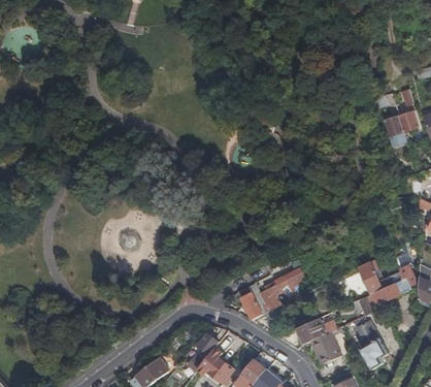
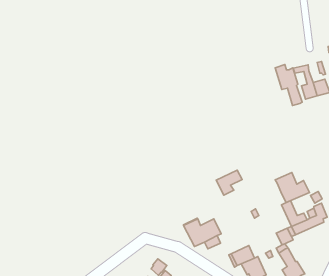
building: none -> [275,64,302,106]
building: none -> [275,172,309,202]
building: [275,271,307,302] -> [216,170,242,195]

